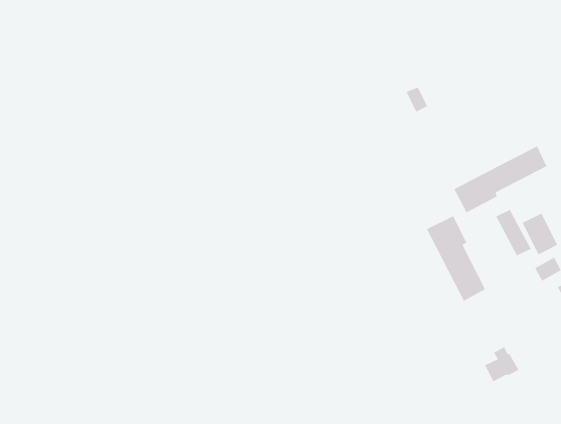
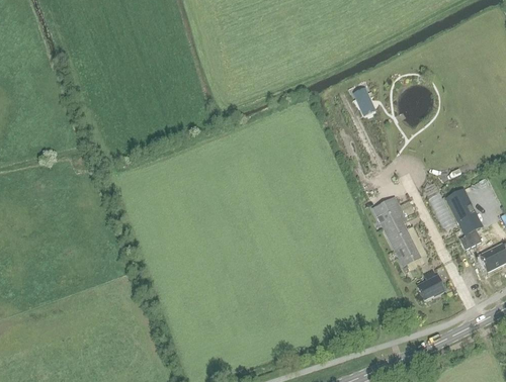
building: [453,145,547,213] -> none
building: [484,346,519,383] -> [417,270,445,299]

